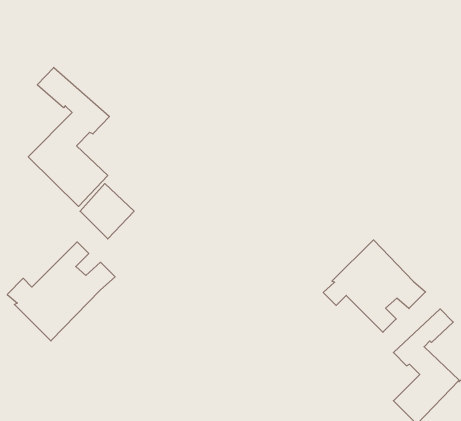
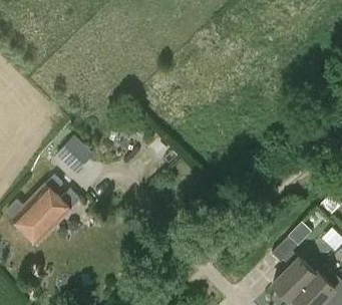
building: [28,67,109,206] -> none
building: [323,240,426,332] -> none

